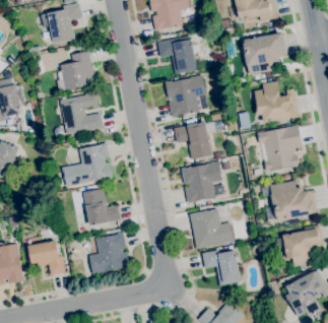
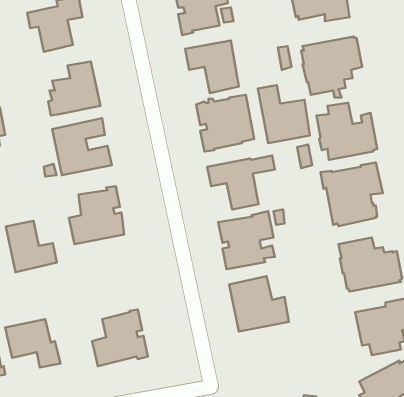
building: none -> [258,85,310,143]
building: [83,189,121,227] -> [6,221,57,272]
building: [202,245,241,285] -> none

